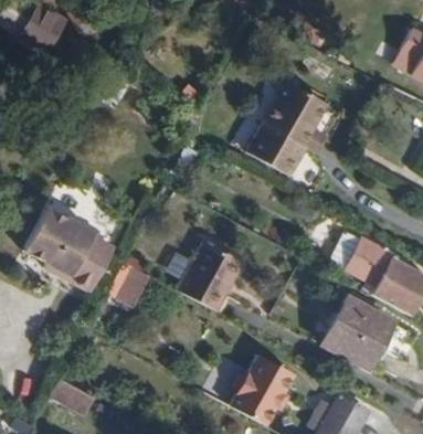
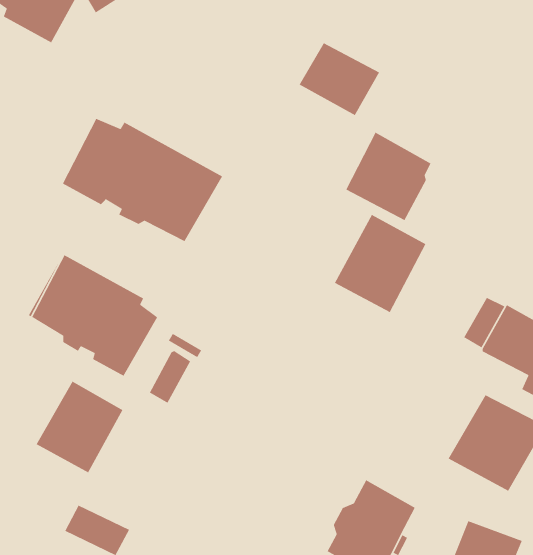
building: [268,84,326,136] -> [298,42,380,116]
building: none -> [62,118,223,242]
building: [179,243,244,313] -> [334,214,426,313]
building: none -> [35,380,124,474]

